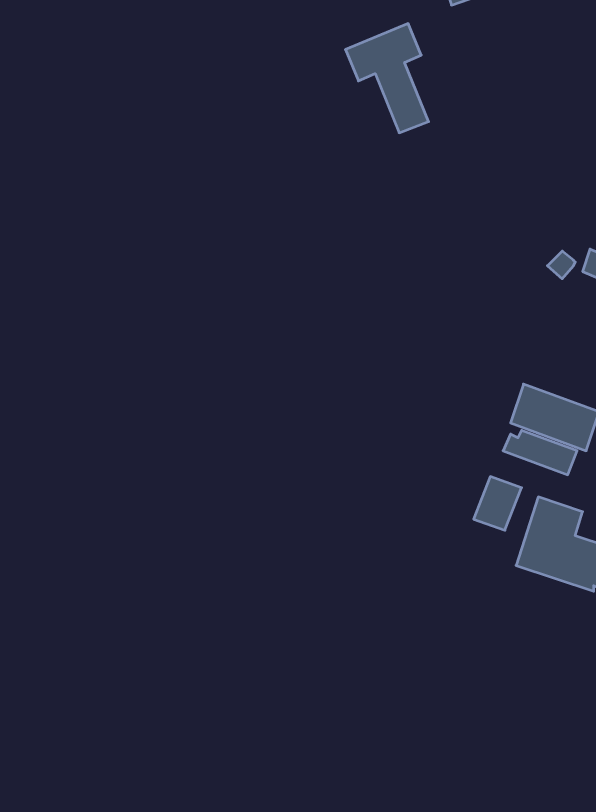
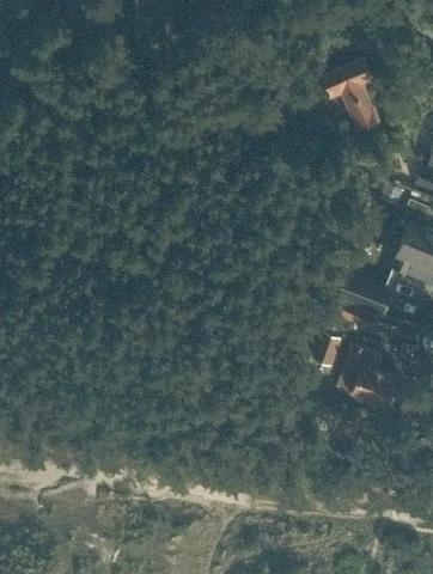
building: [345,24,429,133] -> [323,61,377,132]

